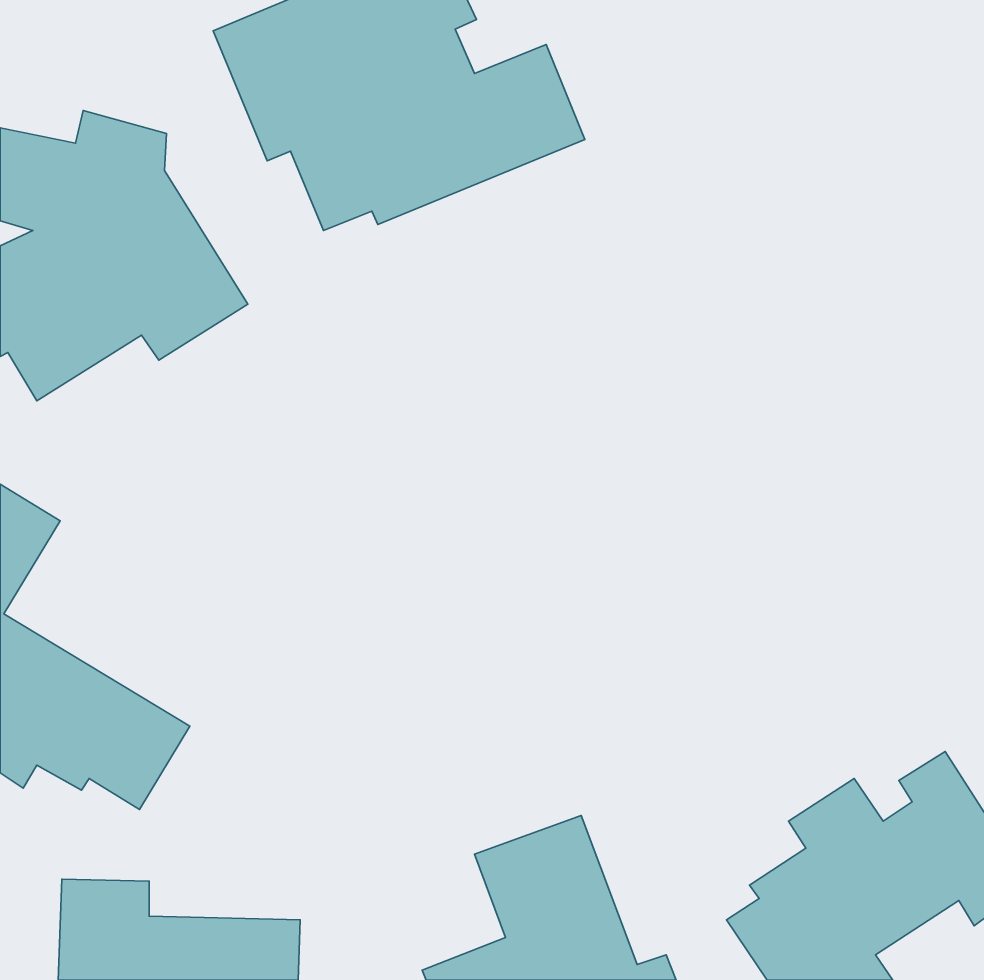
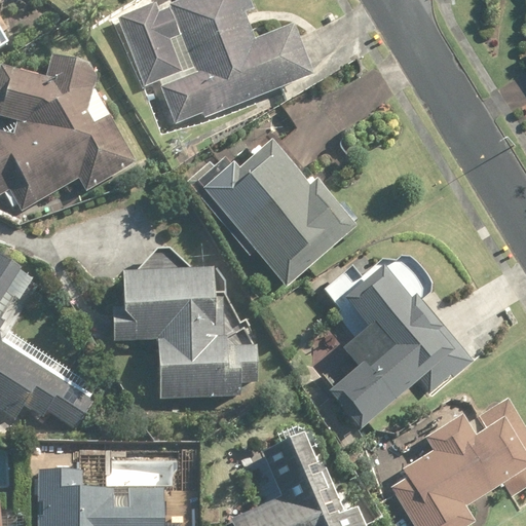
building: none -> [192,144,361,289]
building: none -> [322,250,447,425]
building: none -> [111,272,257,398]

